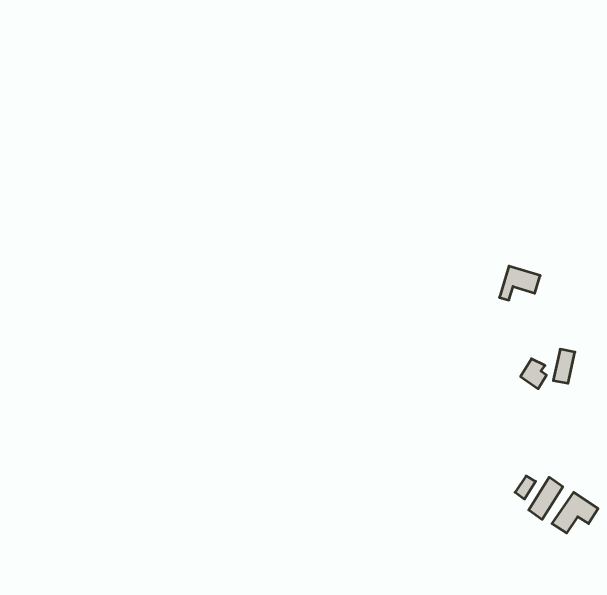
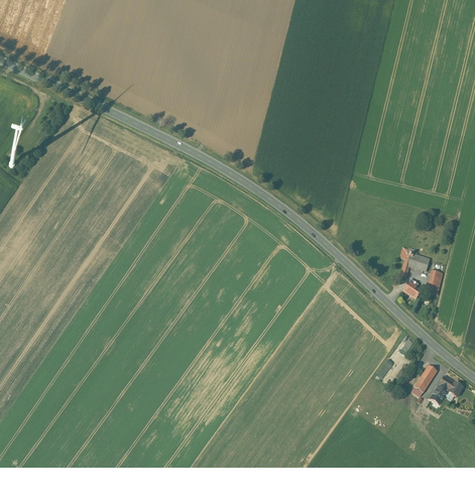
building: [499,266,540,300] -> [401,252,432,277]

